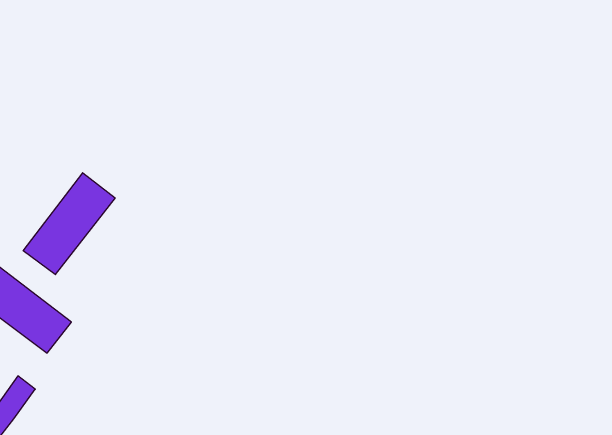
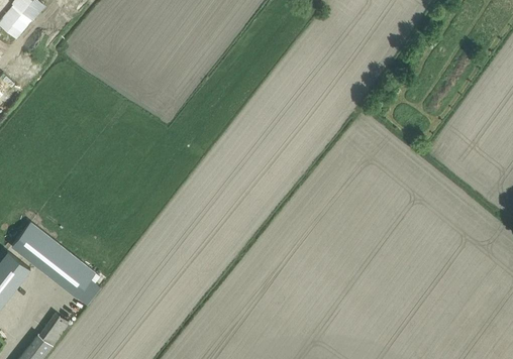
building: [23,173,115,275] -> none

